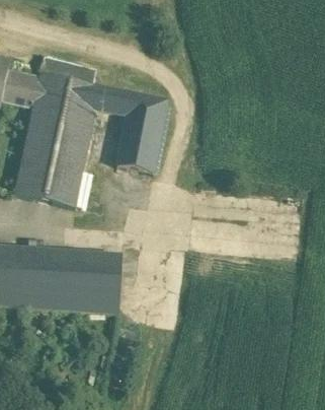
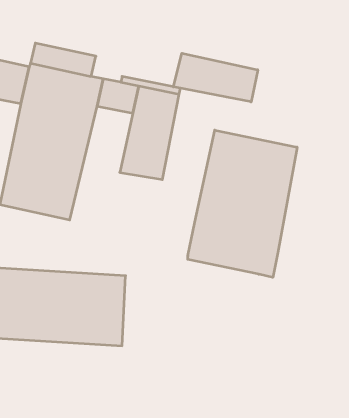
building: none -> [173,53,258,102]
building: none -> [188,130,297,277]

